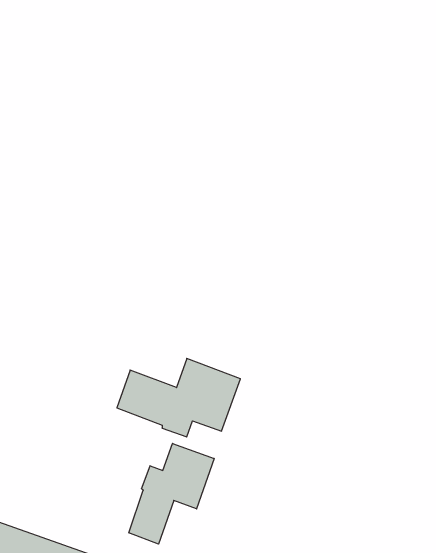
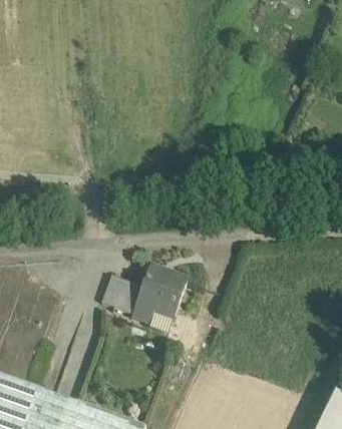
building: [129,443,214,544] -> none

